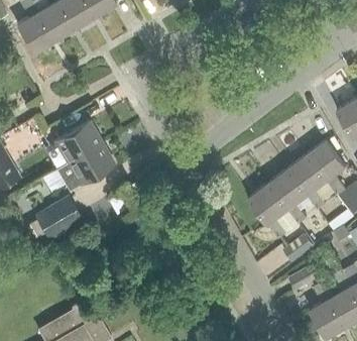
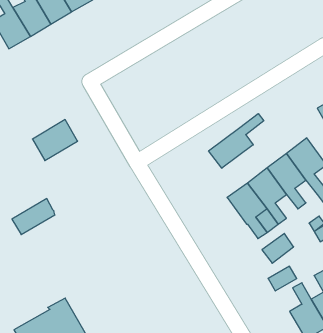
building: none -> [209,114,264,168]
building: [57,143,114,191] -> none

